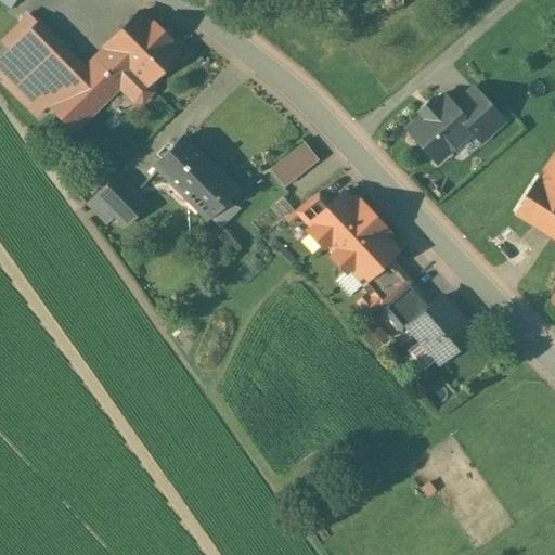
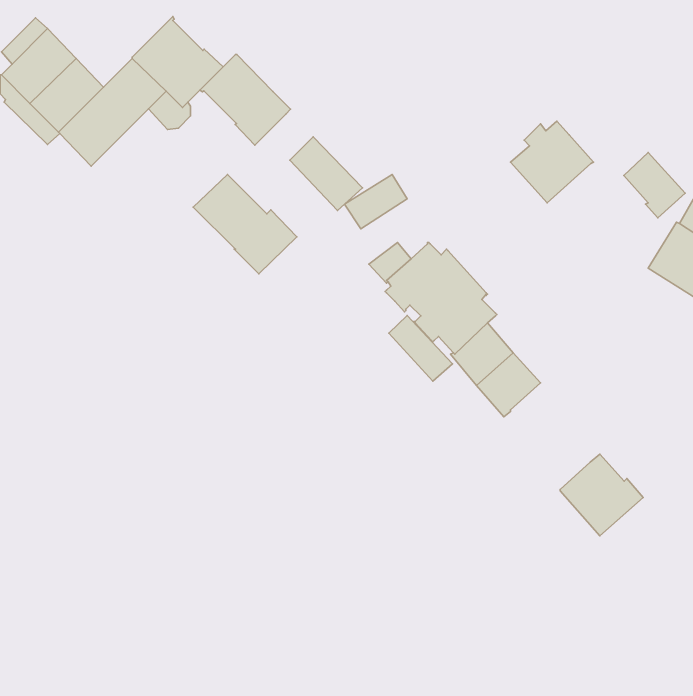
building: none -> [200,54,291,145]
building: [455,89,504,141] -> [624,152,685,218]
building: none -> [290,137,363,211]
building: [96,175,139,225] -> none
building: none -> [389,316,452,381]
building: [409,298,475,363] -> [560,454,643,536]

